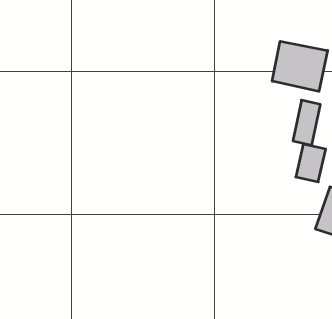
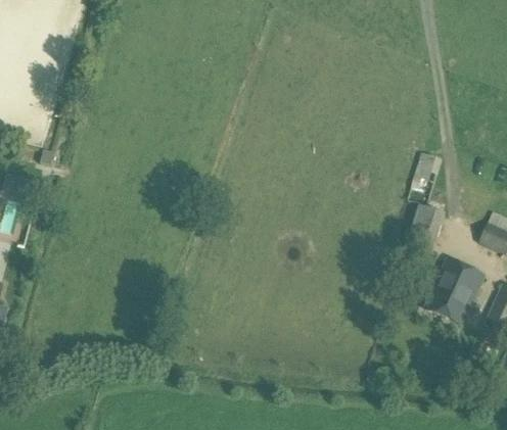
building: [272,41,328,91] -> none

